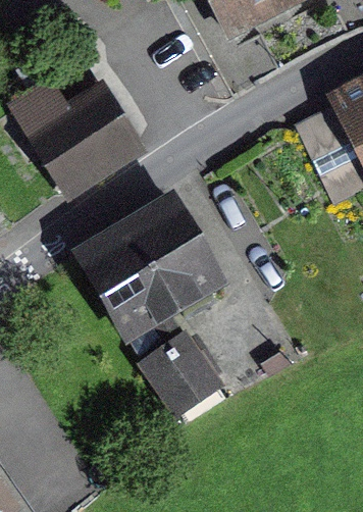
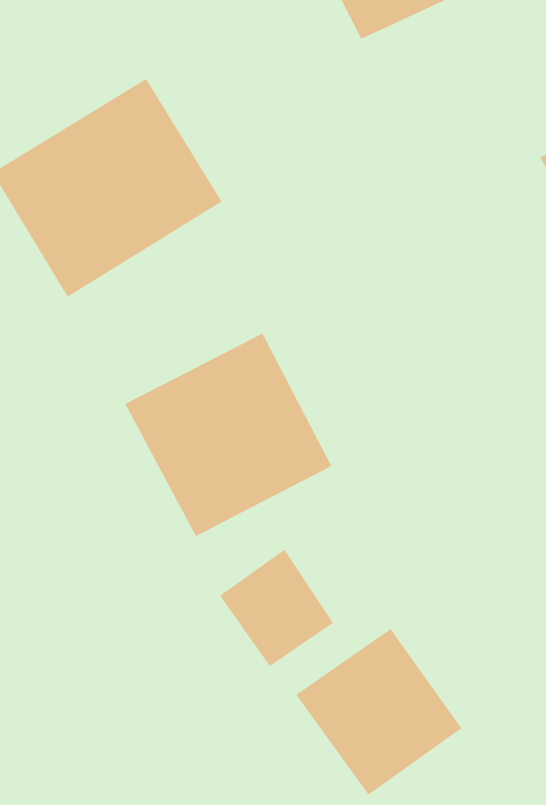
building: none -> [296,628,462,795]

